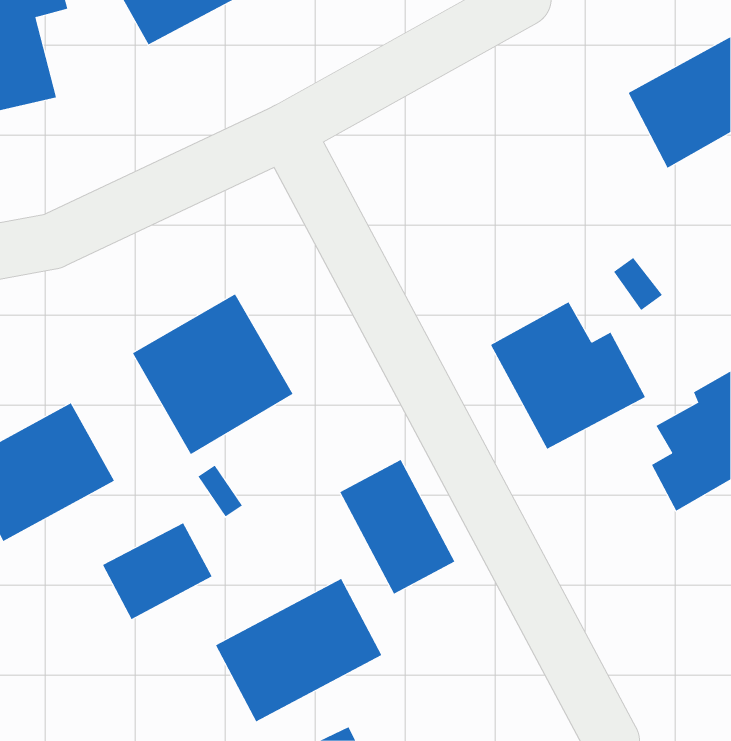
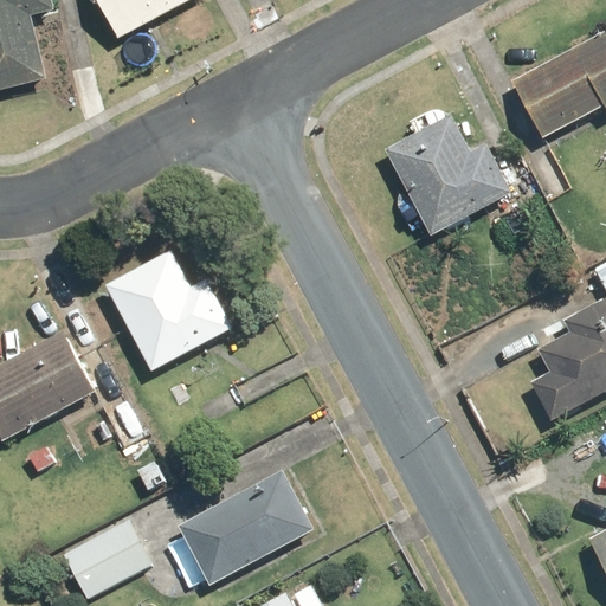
building: [490,301,646,450] -> [386,114,512,234]
building: [339,459,455,594] -> none
building: [102,523,213,620] -> [64,520,154,599]

